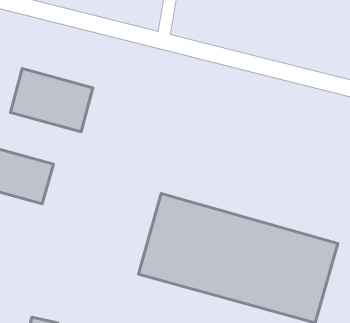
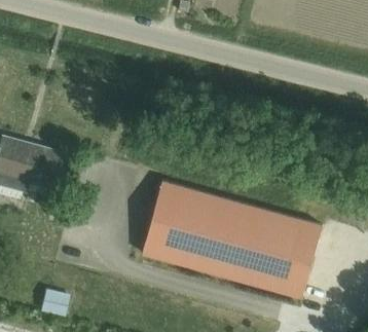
building: [10,69,93,132] -> none

